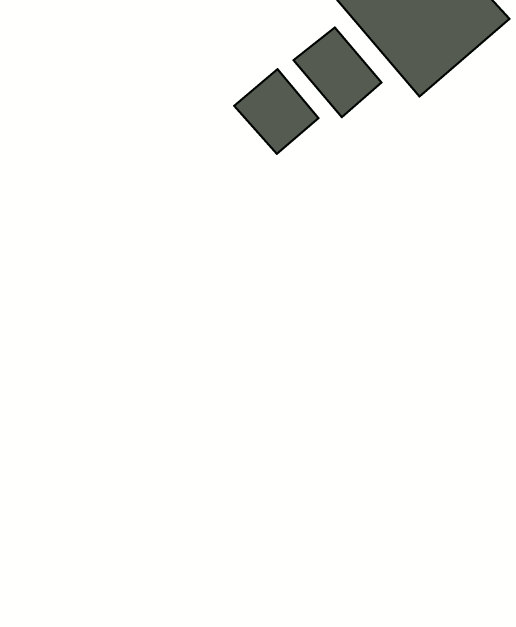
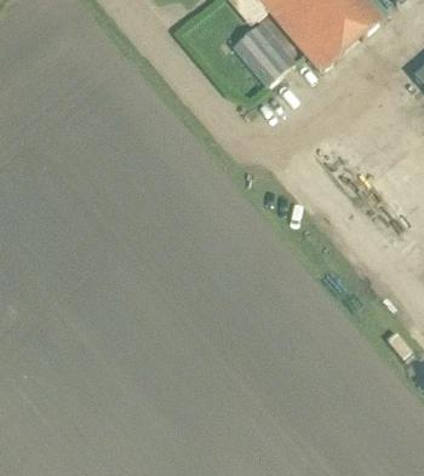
building: [234,69,319,154] -> none

